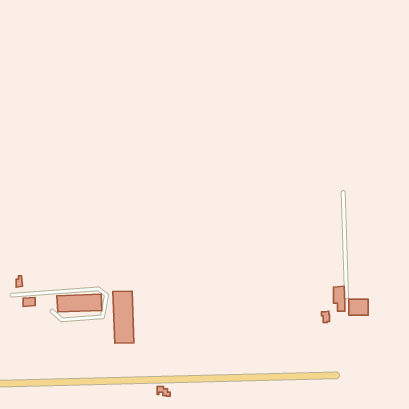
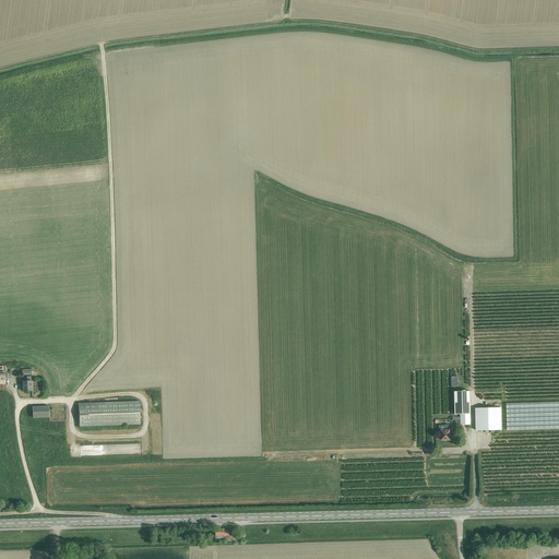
building: [113,291,134,343] -> none

